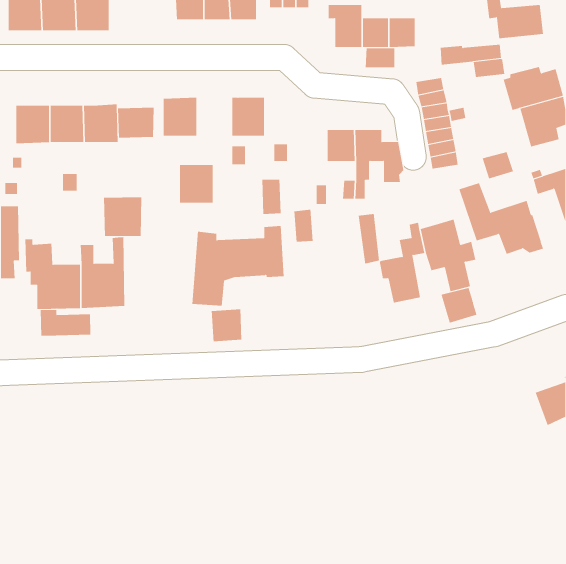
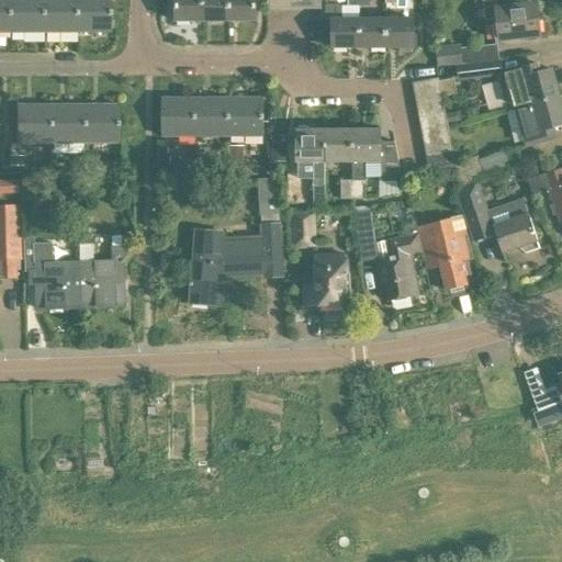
building: [365,48,395,68] -> none
building: [118,107,154,139] -> none
building: none -> [296,128,324,160]
building: [179,164,213,203] -> [195,97,229,135]
building: [104,197,142,237] -> none
building: none -> [313,254,346,304]
building: [441,287,477,323] -> none
building: [211,308,242,342] -> none
building: [40,309,91,336] -> none

